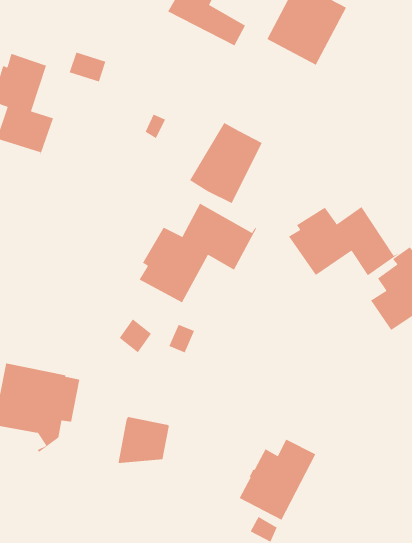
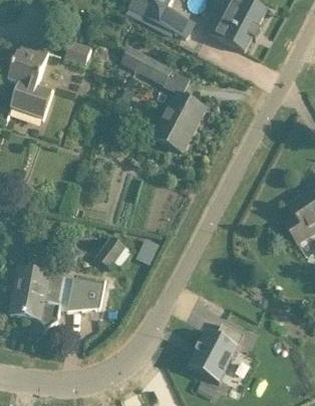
building: none -> [120,46,173,84]
building: [139,203,257,303] -> none
building: [288,206,399,276] -> none
building: [118,417,172,464] -> [66,277,105,312]

